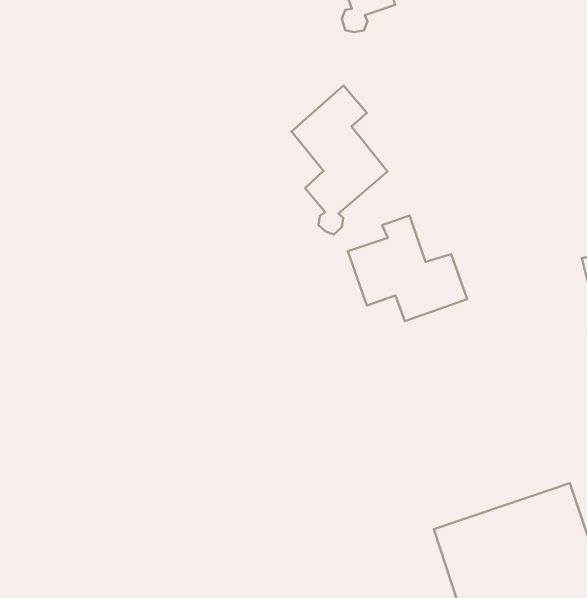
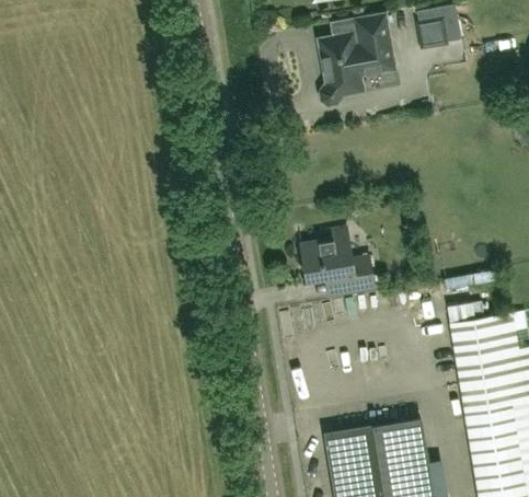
building: [291,86,387,235] -> none

